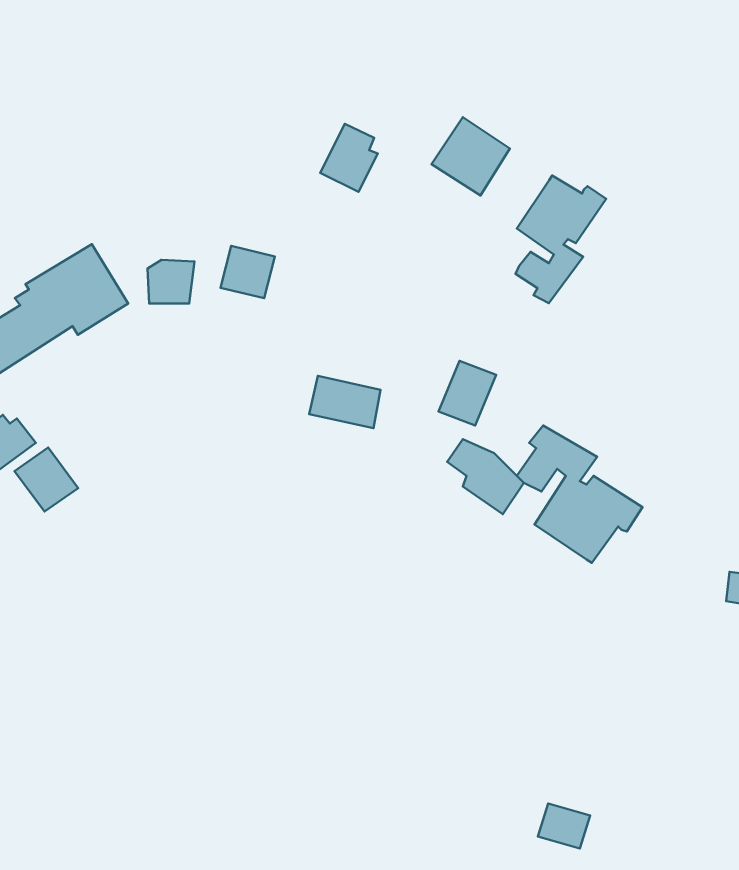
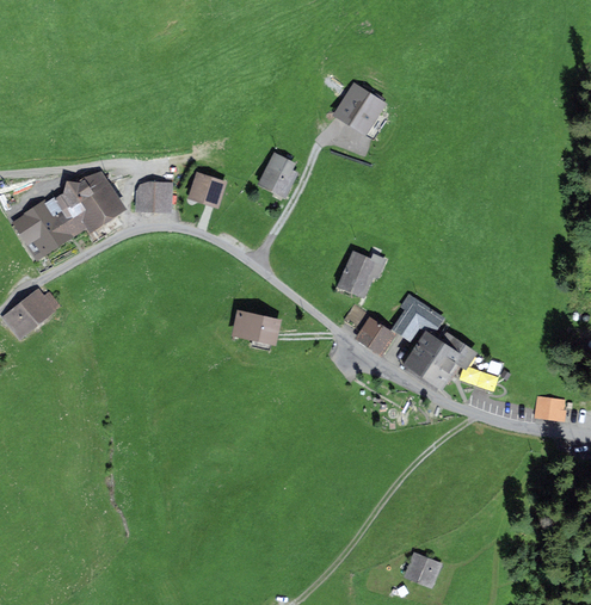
building: [320,124,378,192] -> [257,152,296,198]
building: [515,175,606,303] -> none
building: [309,376,380,428] -> [230,309,279,345]
building: [15,448,78,512] -> none

